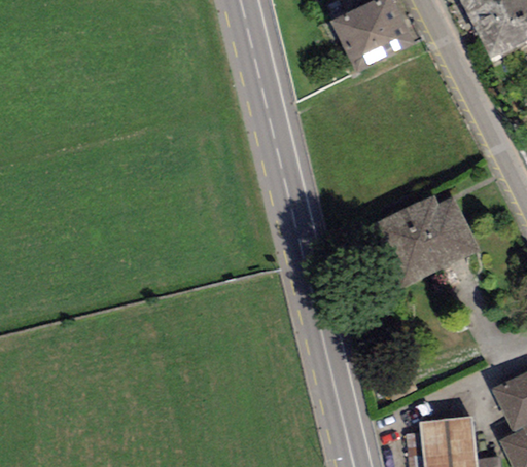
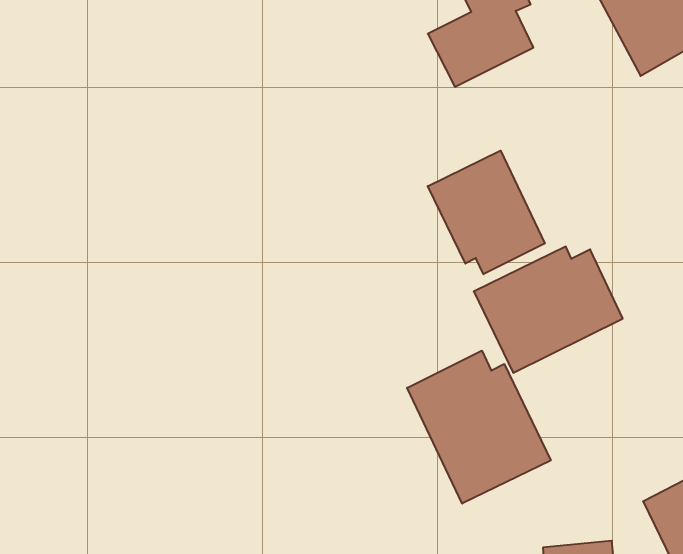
building: none -> [428,151,545,274]
building: none -> [407,351,551,504]

